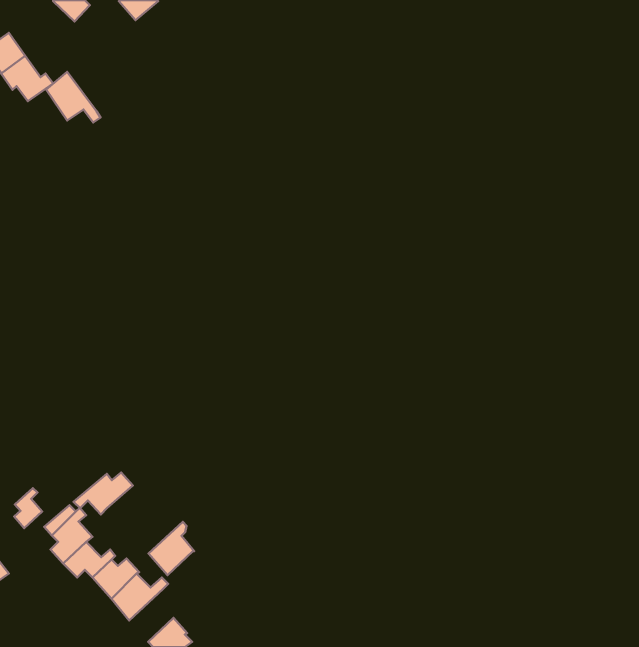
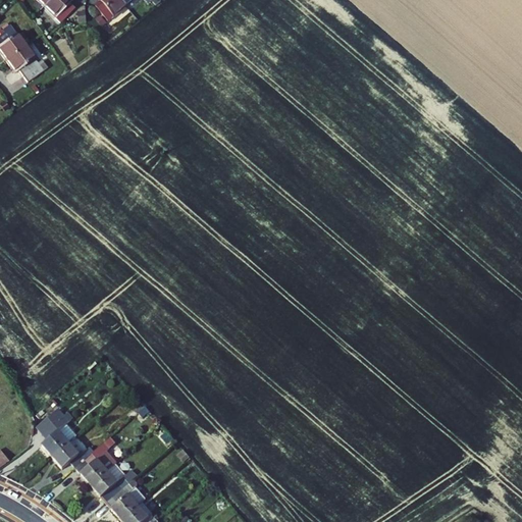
building: [46,72,101,122] -> none
building: [74,472,133,515] -> none
building: [14,488,42,528] -> none
building: [149,522,194,575] -> [104,474,141,517]

